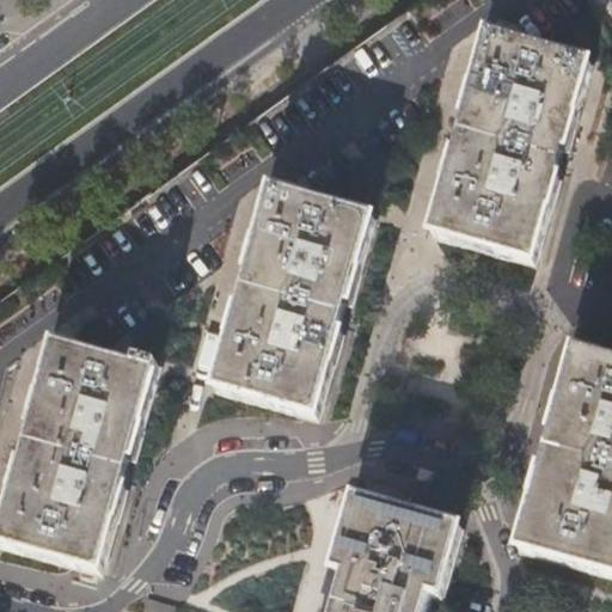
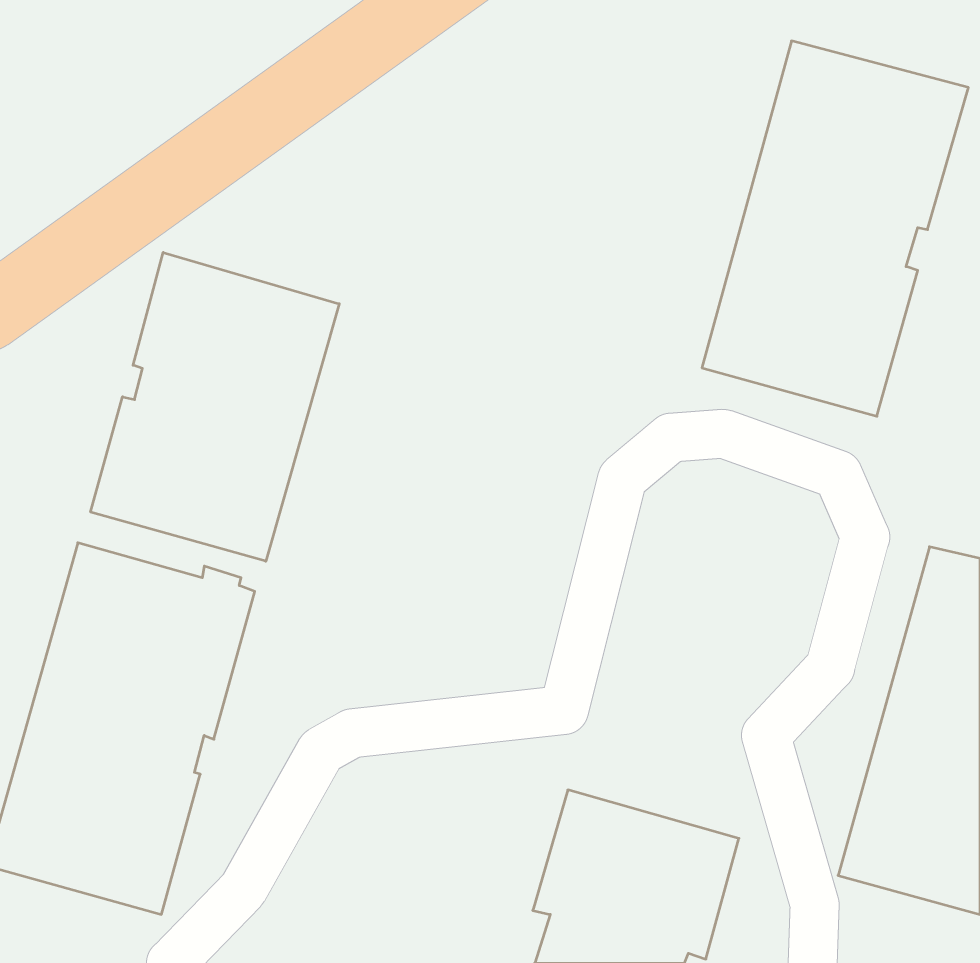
building: none -> [91,252,339,561]
building: [204,179,372,409] -> none

